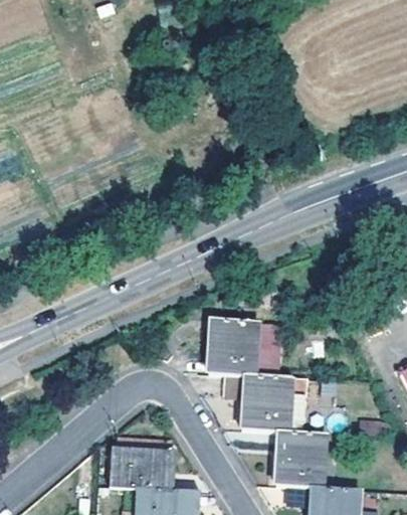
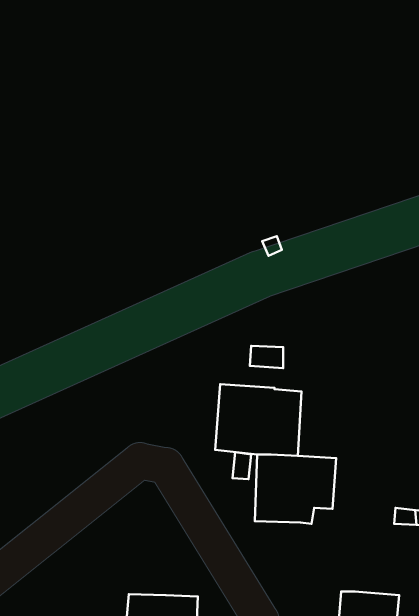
building: [275,430,324,486] -> none
building: [114,447,170,489] -> none

